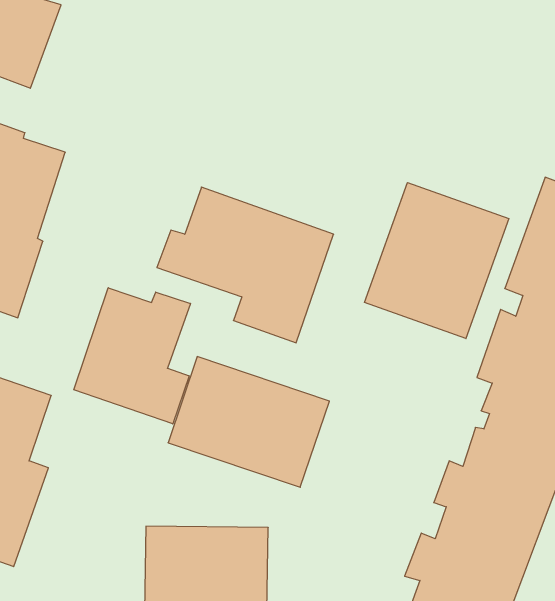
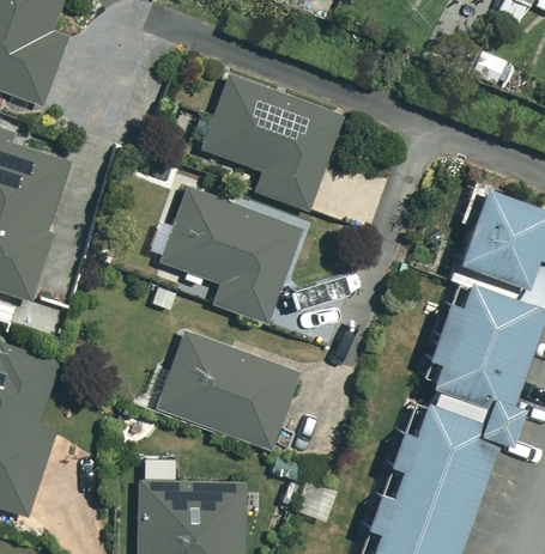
building: none -> [198,75,349,214]
building: [365,183,509,339] -> none
building: [74,288,190,424] -> none

